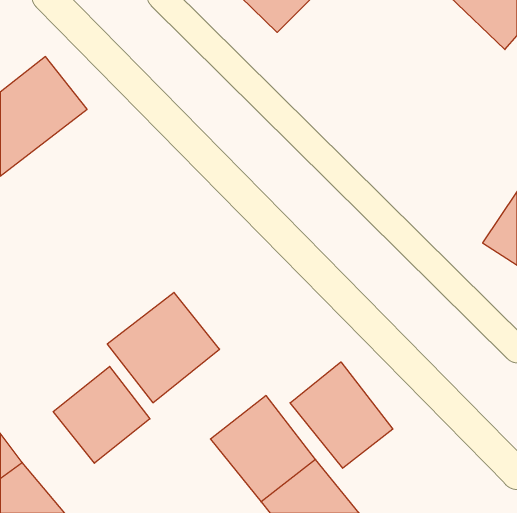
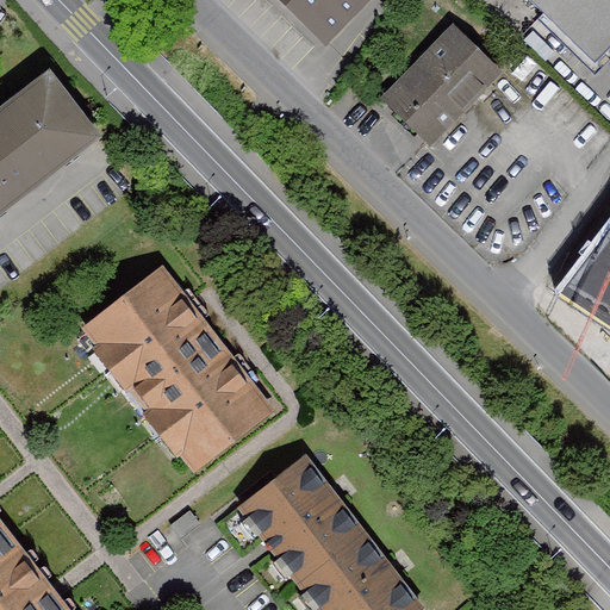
building: none -> [390,31,499,141]
building: none -> [74,276,205,405]
building: [290,362,393,468] -> none
building: [53,366,150,463] -> none

